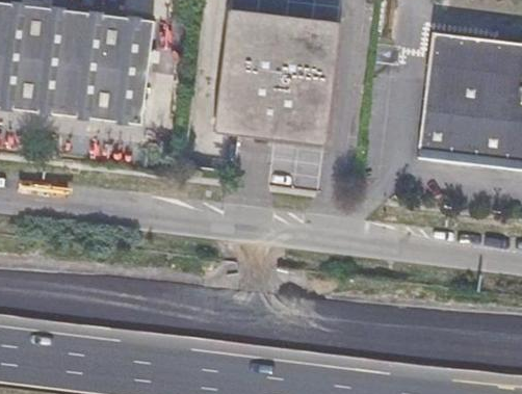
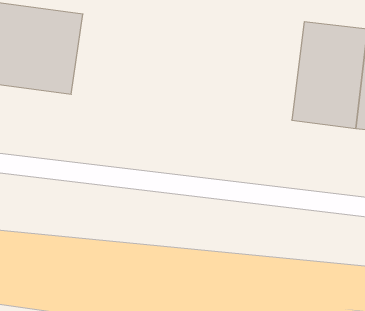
building: [216,12,335,141] -> none

